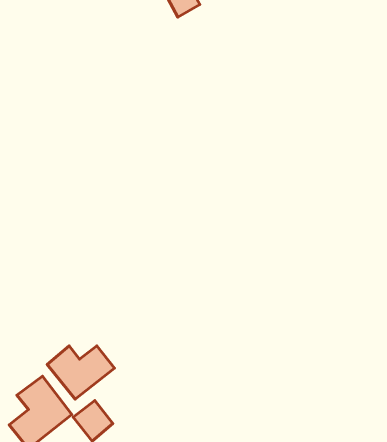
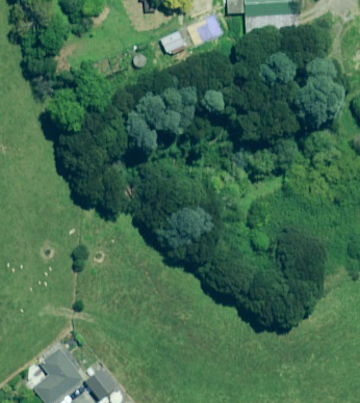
building: [47,346,115,399] -> none

